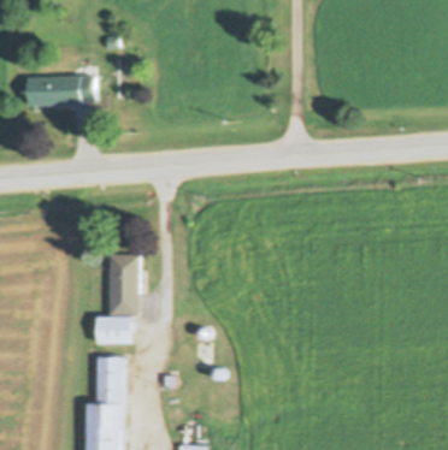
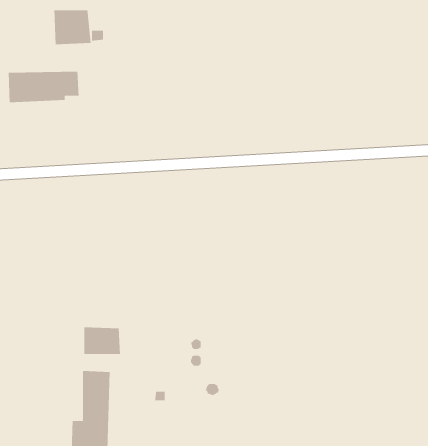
building: none -> [53,9,91,45]
building: [110,254,140,315] -> none

